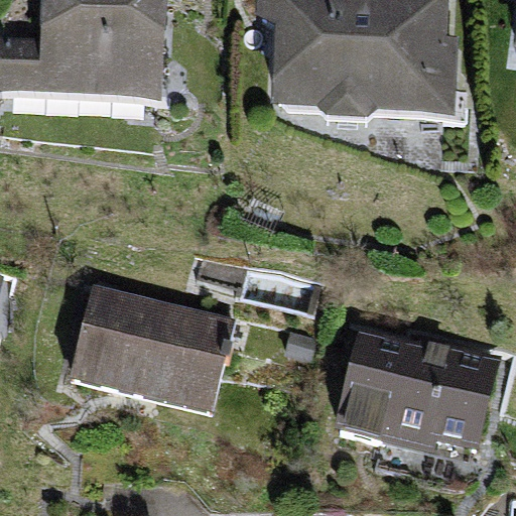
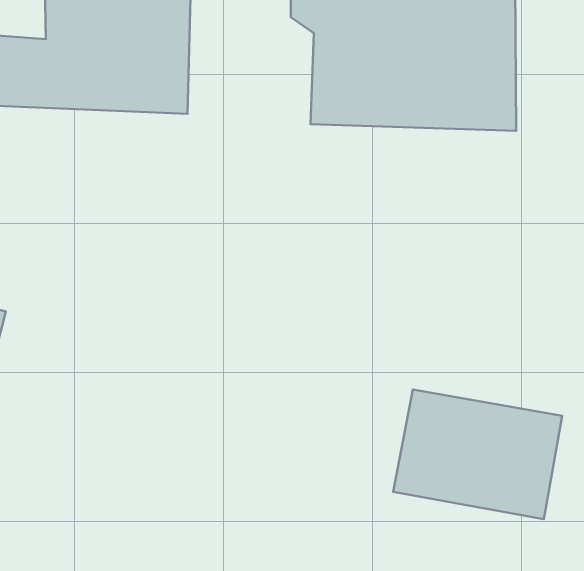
building: [69,279,235,418] -> none

